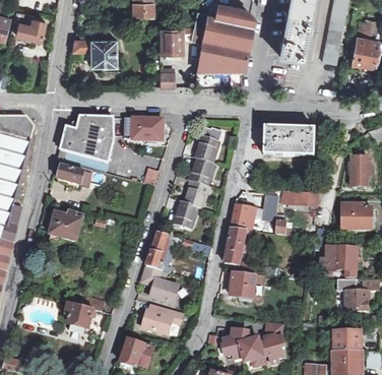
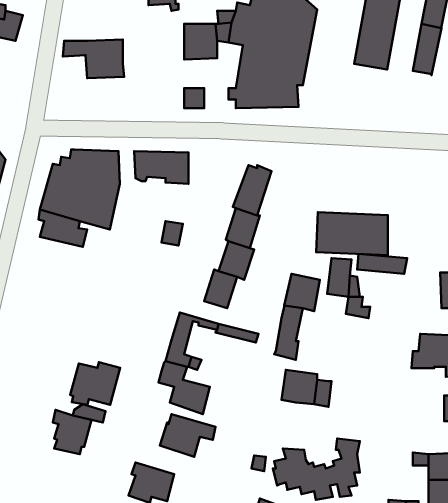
building: [263,126,314,157] -> [316,212,388,255]
building: [49,210,84,241] -> [70,362,120,405]

